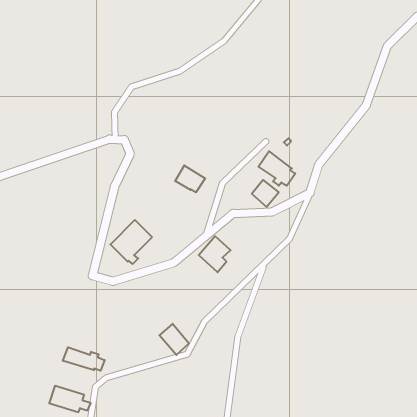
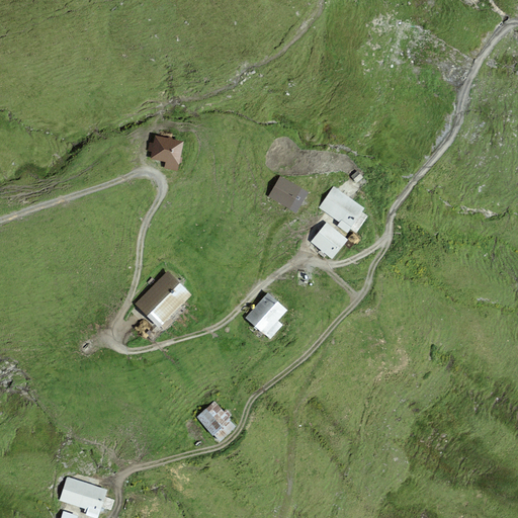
building: none -> [148,137,180,168]
building: [175,165,205,192] -> [268,176,306,209]
building: [63,347,105,371] -> none

